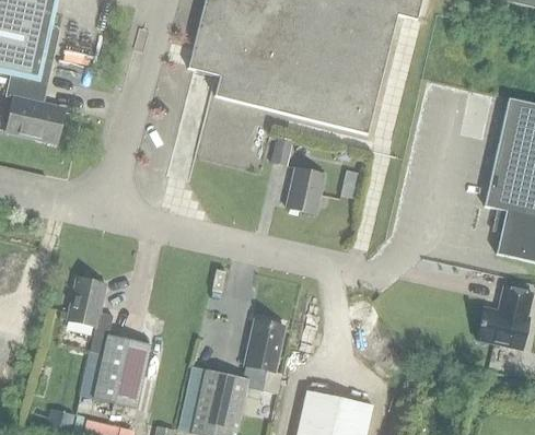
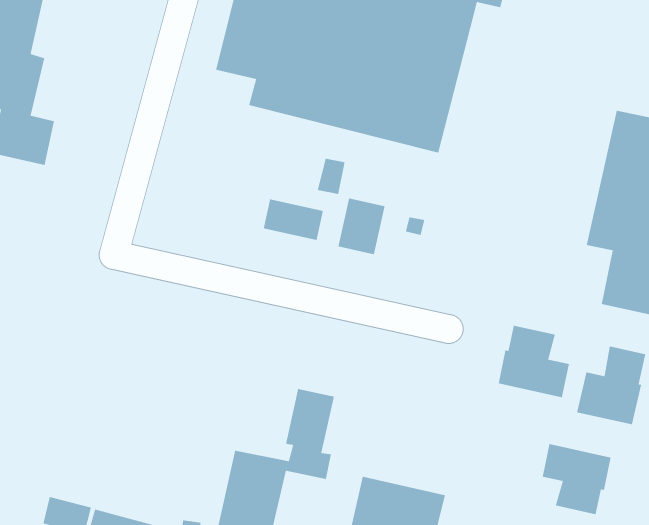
building: none -> [263,198,324,241]
building: none -> [498,325,570,398]
building: [66,277,149,407] -> none
building: none -> [542,443,611,515]

